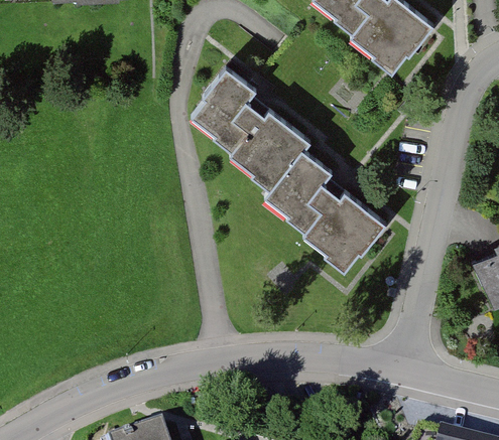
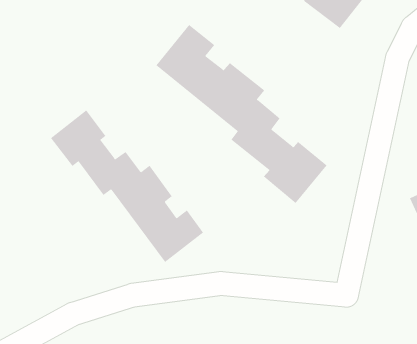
building: none -> [50,109,204,263]

